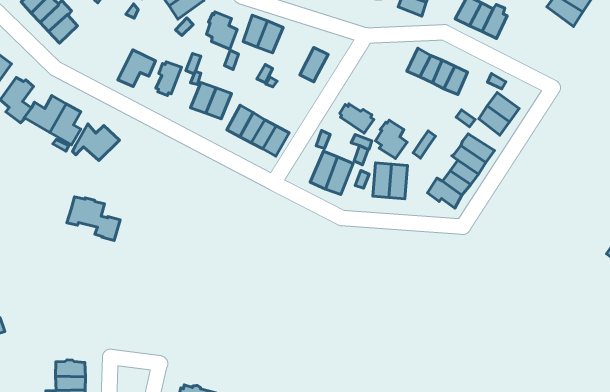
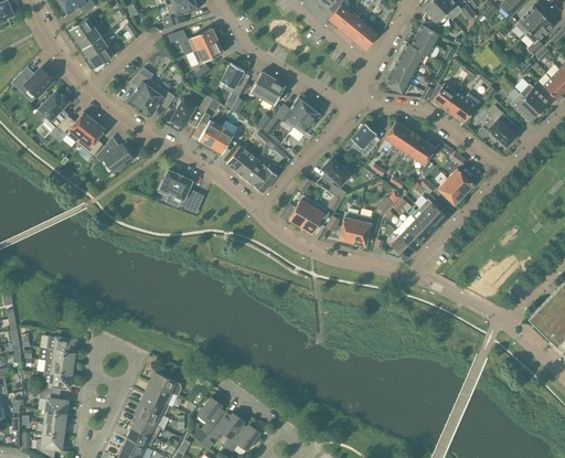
building: none -> [484,105,516,146]
building: none -> [129,67,157,107]
building: none -> [275,97,309,128]
building: [375,120,407,159] -> [351,123,377,156]
building: [67,197,120,240] -> [158,170,203,212]

